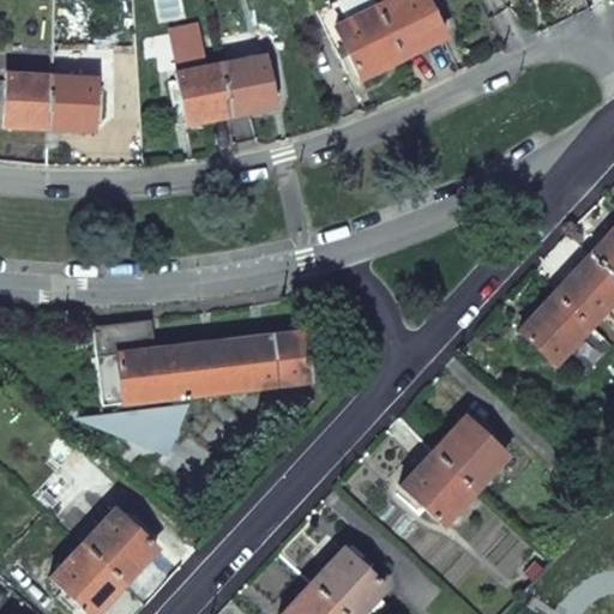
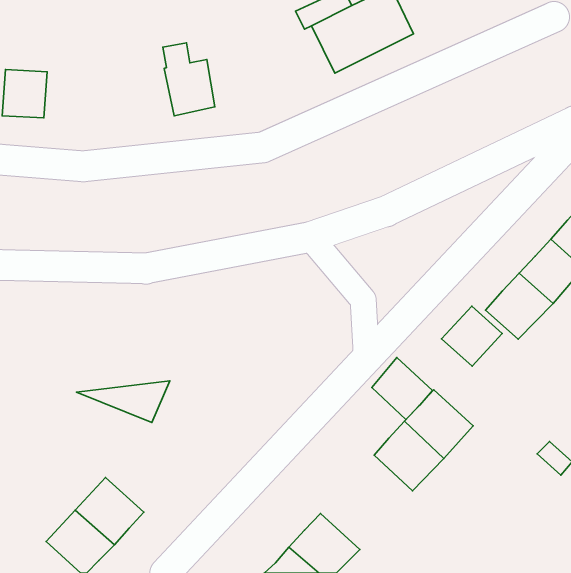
building: [224,56,277,114] -> none
building: [50,77,98,128] -> none
building: [94,319,309,405] -> none
building: none -> [442,306,502,366]
building: none -> [372,357,433,419]

